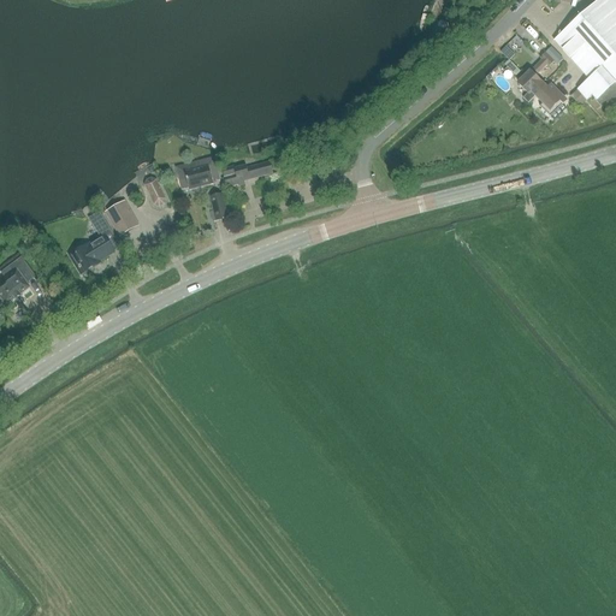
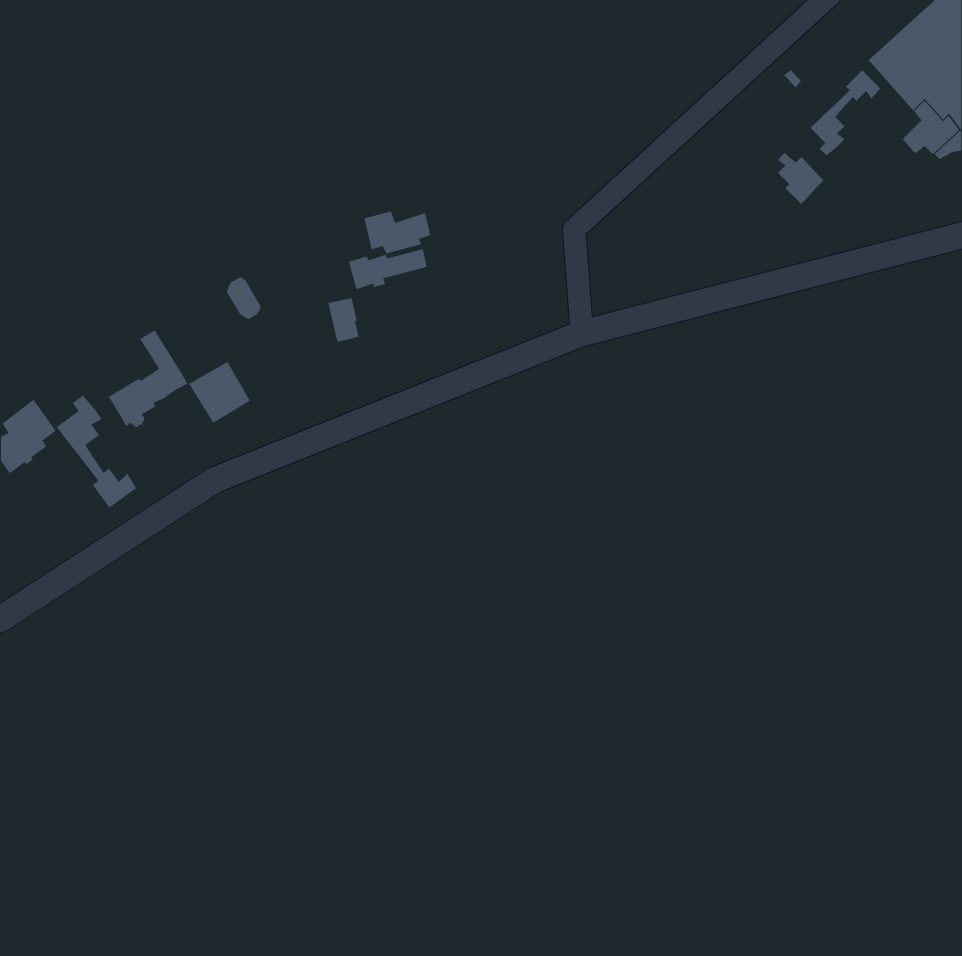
building: [535,81,565,114] -> [777,152,824,205]
building: [177,161,220,189] -> [363,211,431,254]
building: [100,197,140,237] -> [188,361,250,423]
building: none -> [56,395,137,508]

